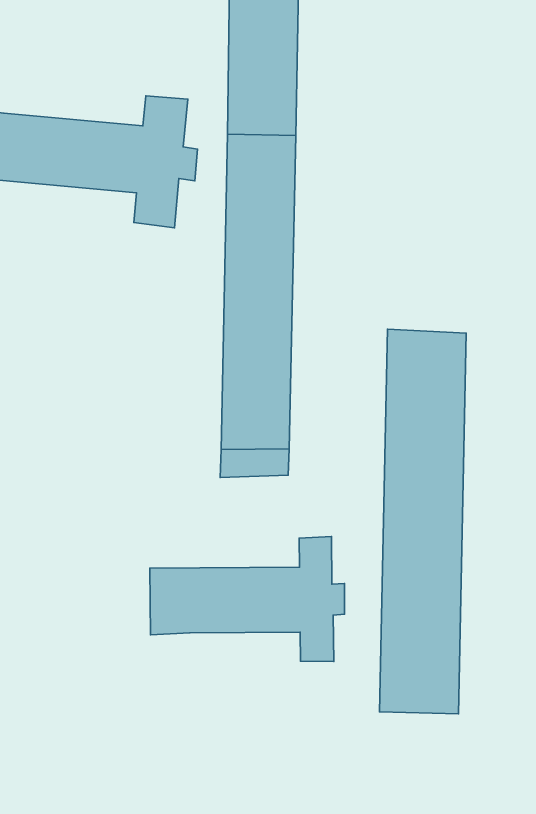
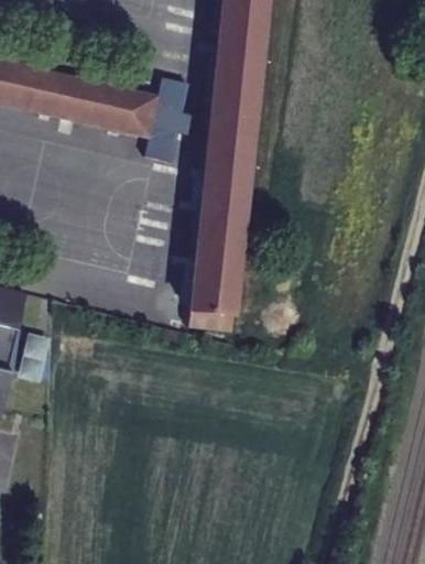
building: [380,329,466,714] -> none
building: [150,536,345,661] -> none

